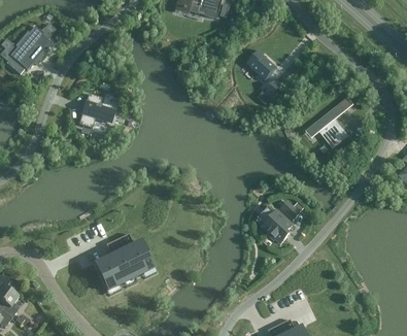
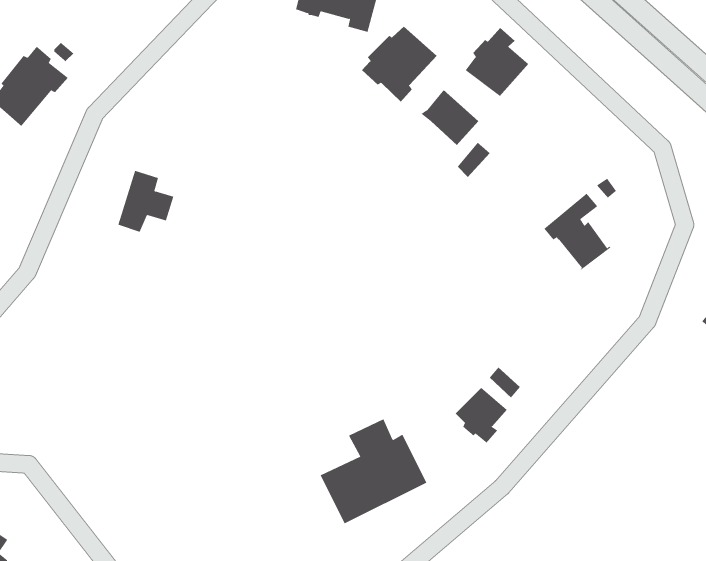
building: none -> [361,26,438,102]
building: none -> [465,27,529,97]
building: [95,233,154,291] -> [320,419,427,524]

